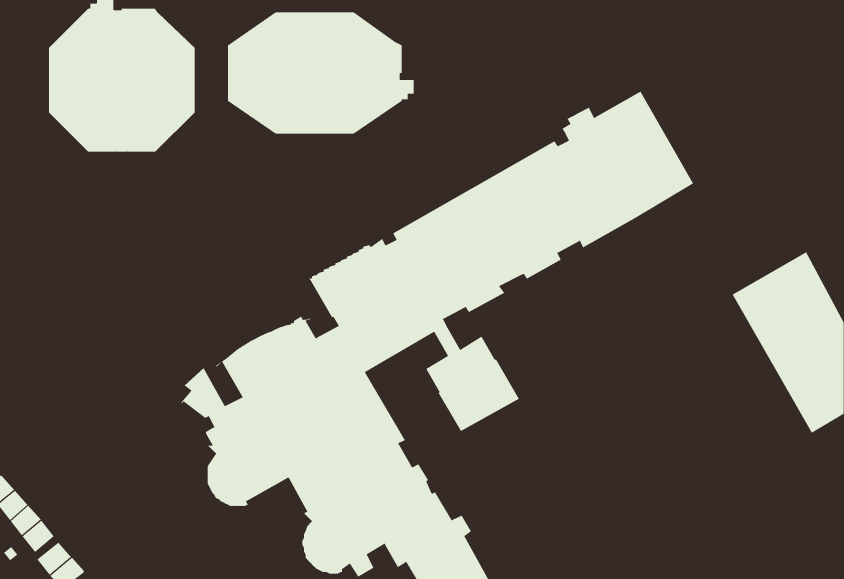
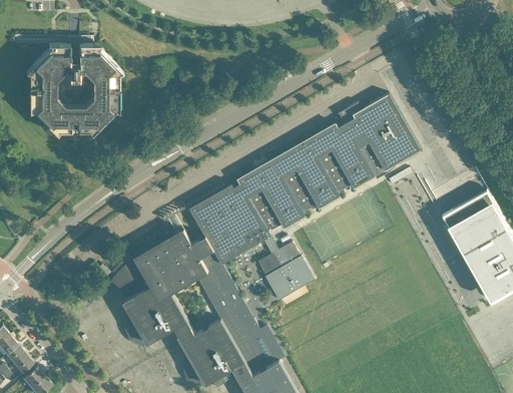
building: [227,12,414,135] -> none

